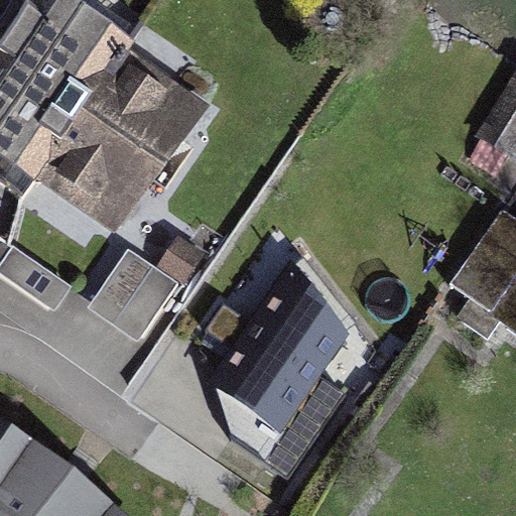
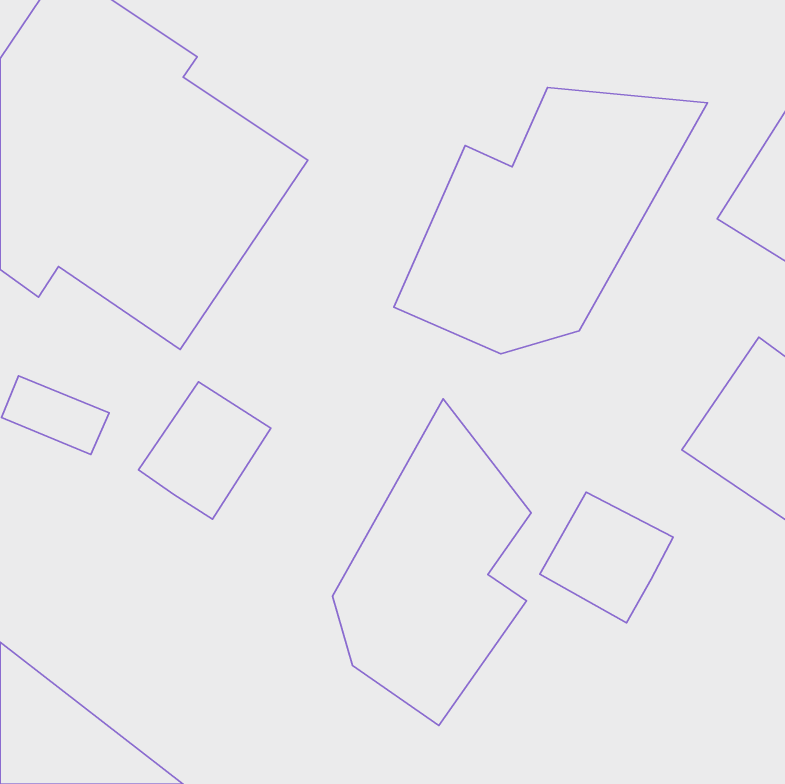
building: none -> [394,87,708,354]
building: none -> [540,492,673,623]

